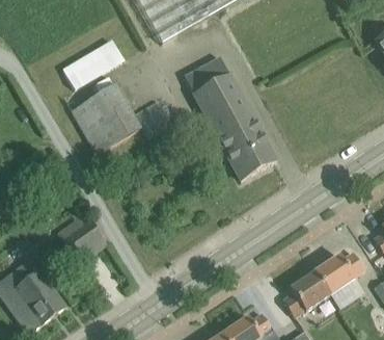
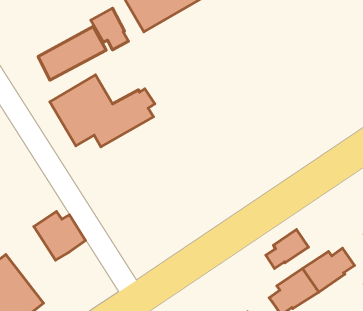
building: none -> [91,8,128,50]
building: [185,58,276,179] -> none
building: none -> [266,229,309,268]

